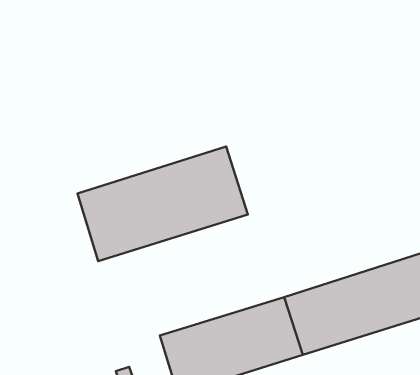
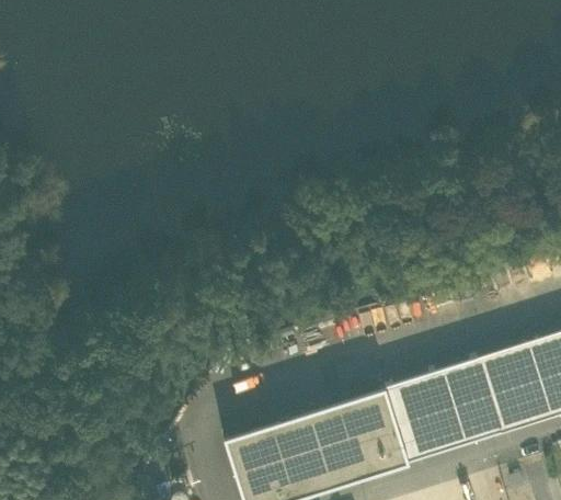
building: [78,146,248,261] -> none

